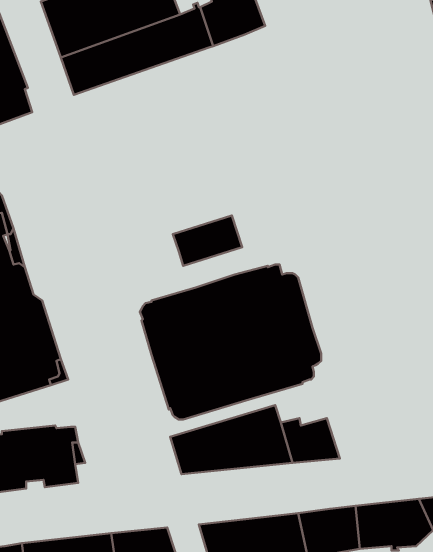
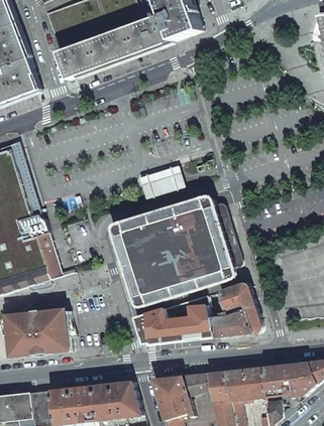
building: none -> [219,282,261,332]

